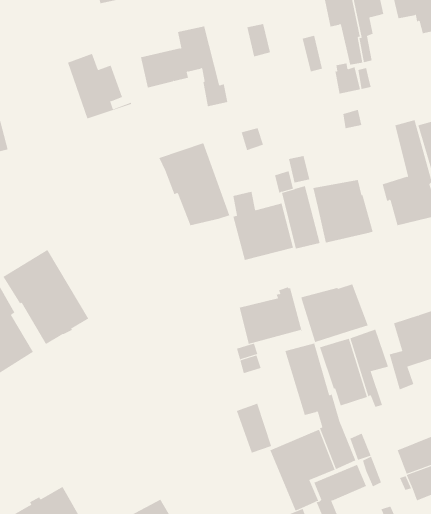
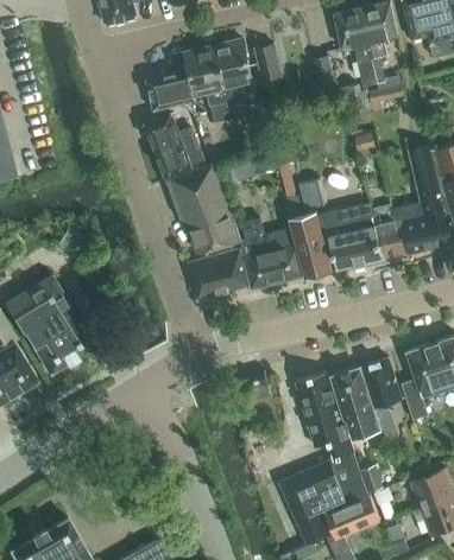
building: none -> [213,39,252,107]
building: [67,53,132,119] -> [145,114,212,182]
building: none -> [376,209,410,257]
building: [301,284,368,343] -> none
building: [239,287,303,344] -> [188,241,253,300]
building: [236,403,272,453] -> none

